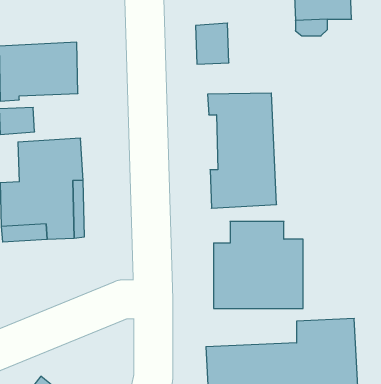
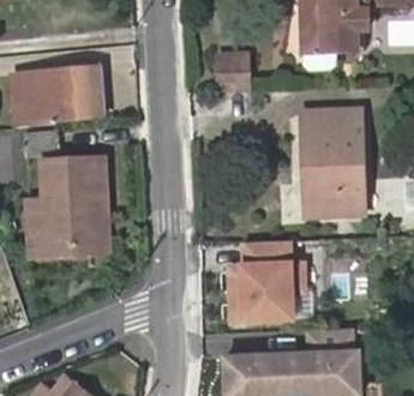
building: [208,93,277,208] -> [296,109,361,217]

